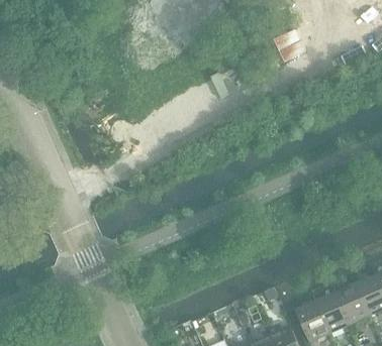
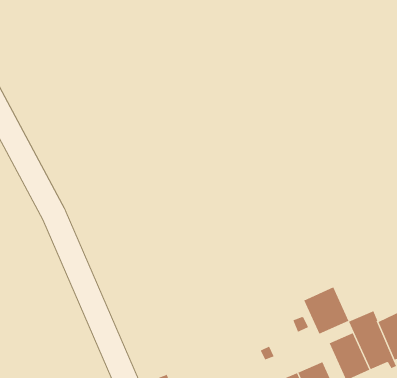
building: none -> [304,286,349,335]

